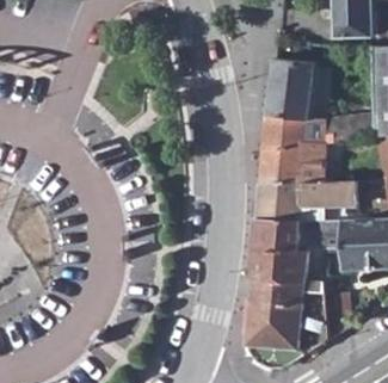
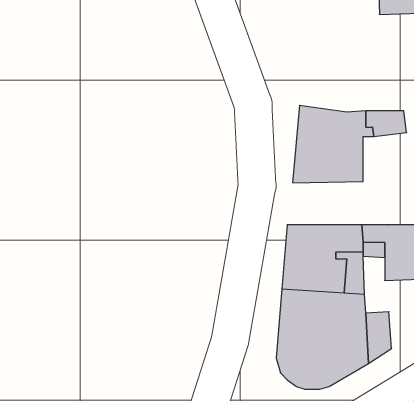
building: [266,57,314,121] -> none
building: [255,180,353,220] -> none

